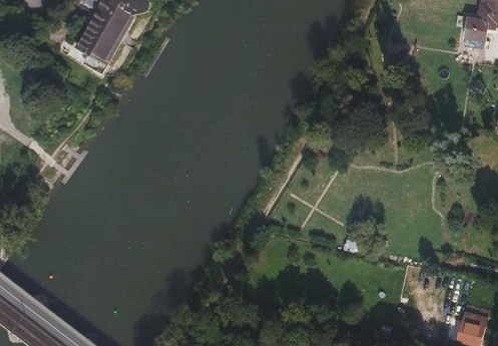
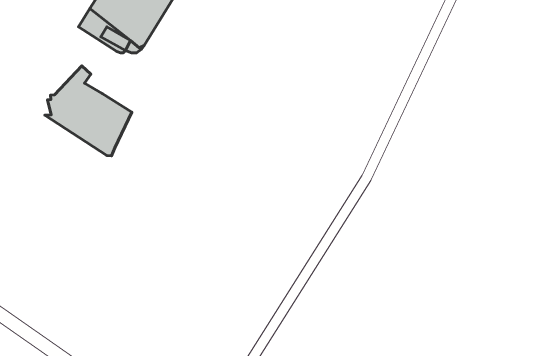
building: none -> [45,66,132,156]

